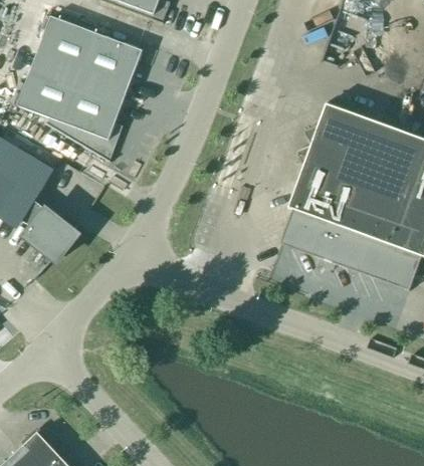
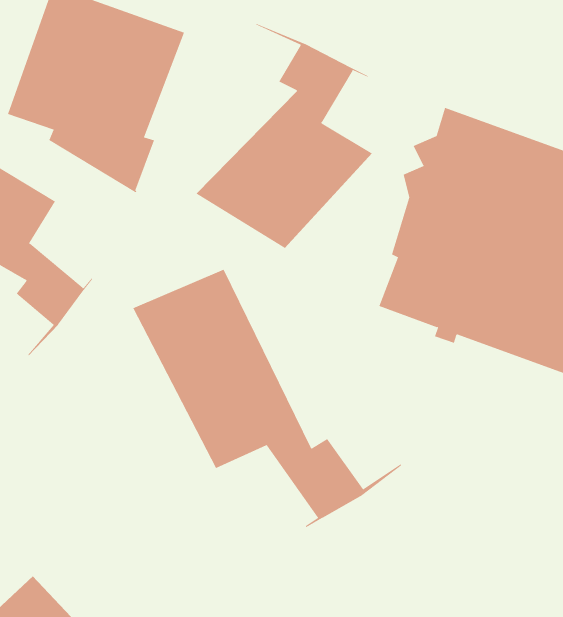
building: none -> [195,23,373,249]
building: none -> [133,269,402,528]

